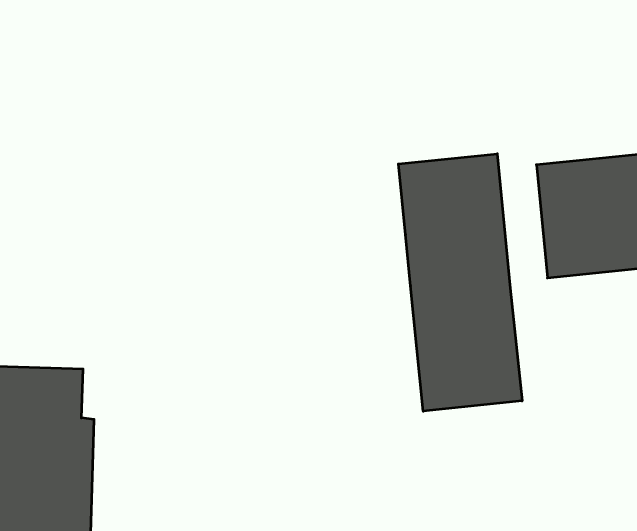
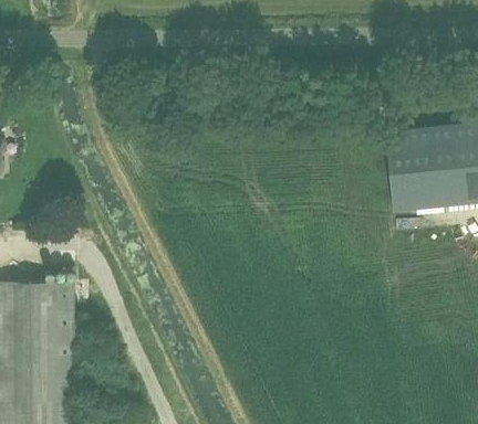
building: [398,154,522,411] -> none

